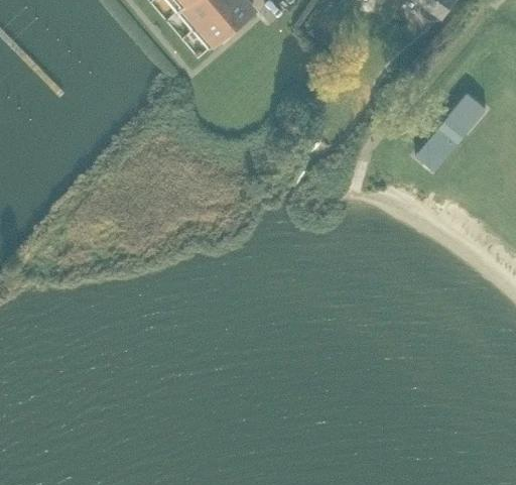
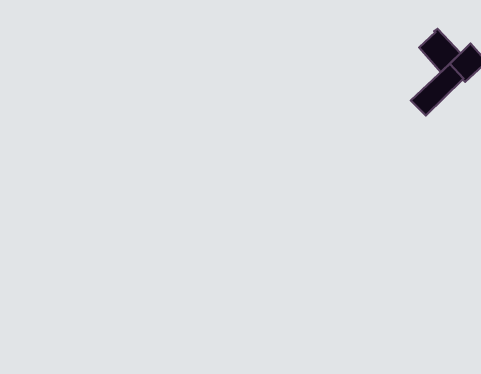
building: none -> [419,29,461,72]

